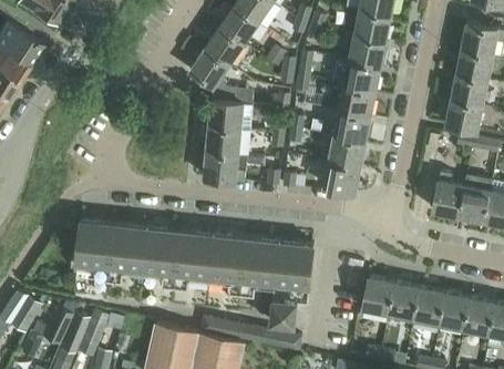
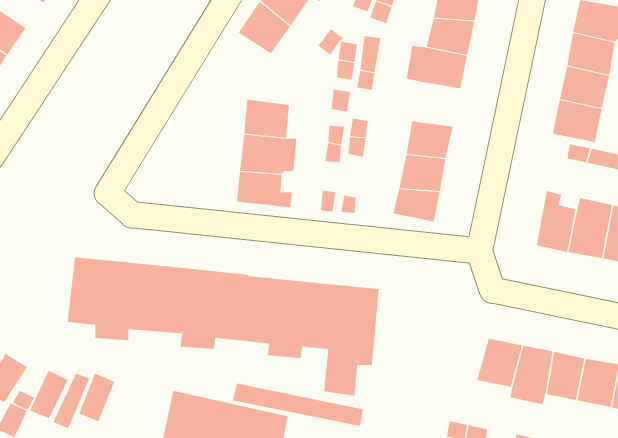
building: [189,48,237,100] -> none
building: [337,85,374,120] -> none
building: [361,276,395,321] -> none

